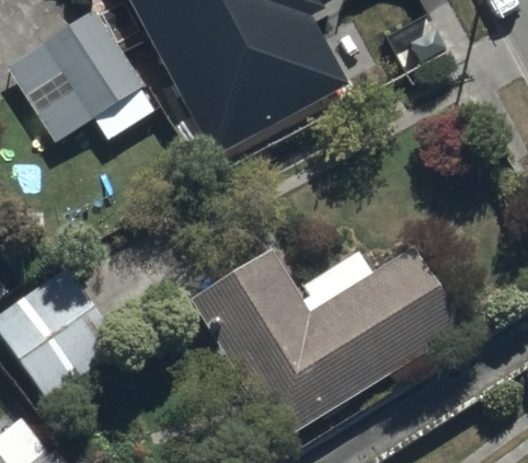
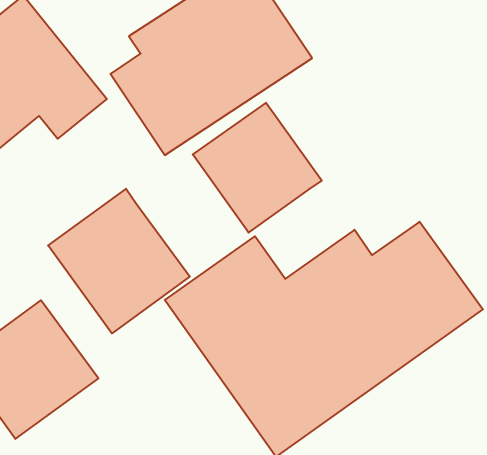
building: none -> [193,103,322,233]
building: none -> [48,189,190,333]

